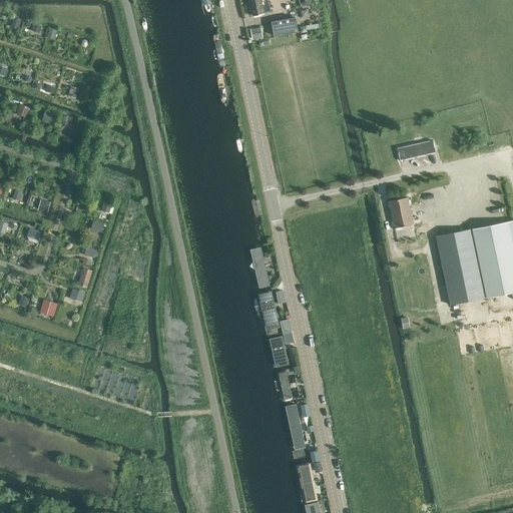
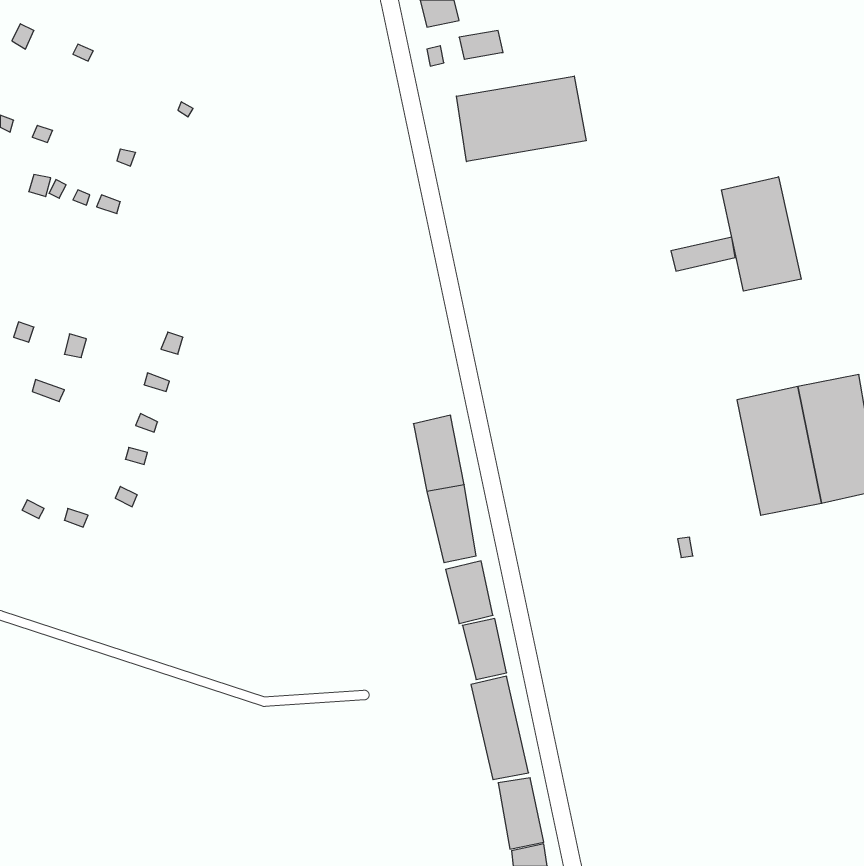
building: none -> [456,76,586,162]
building: none -> [721,177,801,291]
building: [390,197,414,228] -> none

